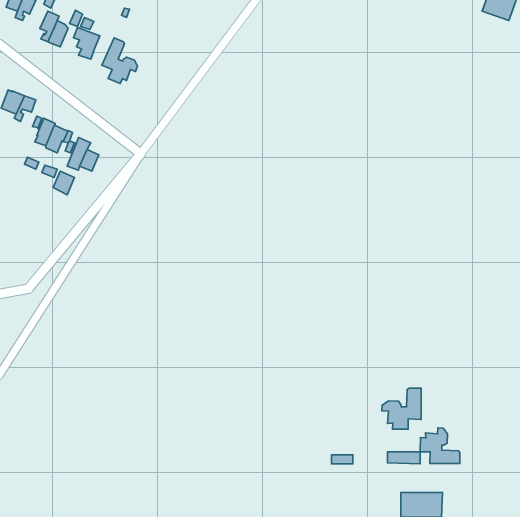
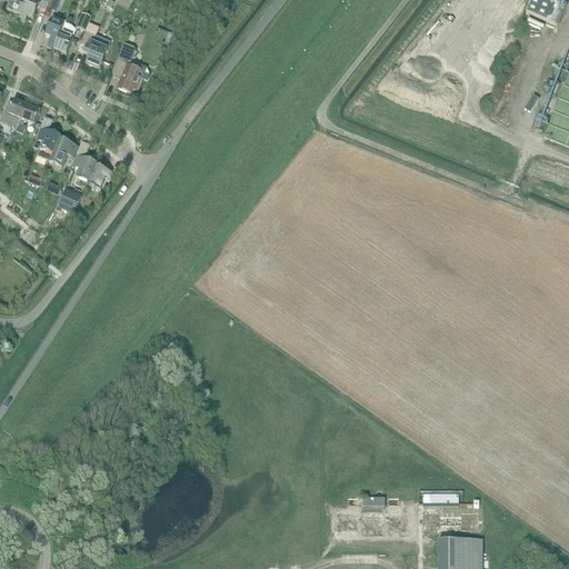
building: [382,388,421,429] -> none
building: [420,428,460,463] -> none

